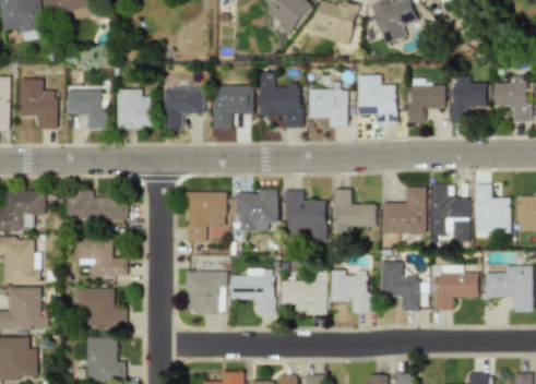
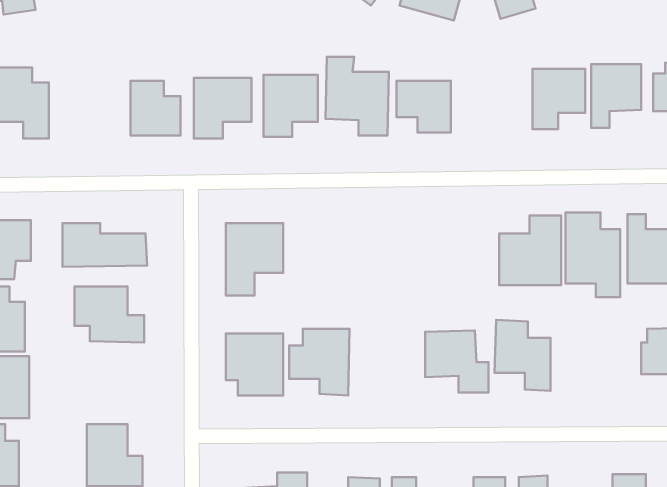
building: [357,74,396,124] -> none
building: [67,91,107,129] -> none
building: [231,189,278,231] -> none
building: [333,189,377,231] -> none
building: [283,190,327,241] -> none
building: [436,265,480,311] -> none
building: [279,273,326,315] -> none
building: [75,287,128,329] -> none

